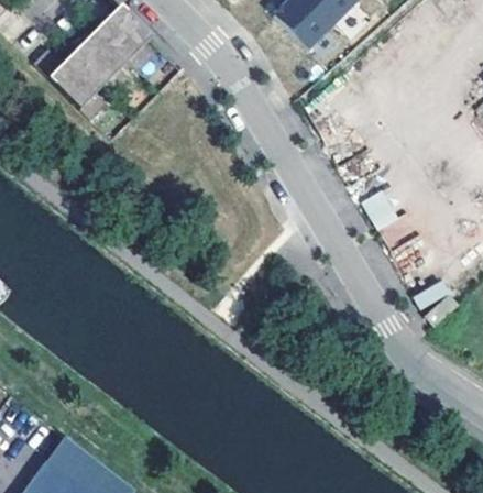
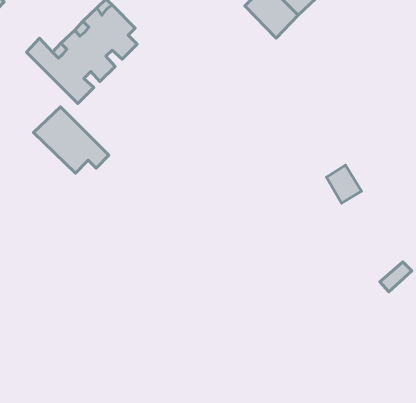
building: none -> [34,107,109,173]

